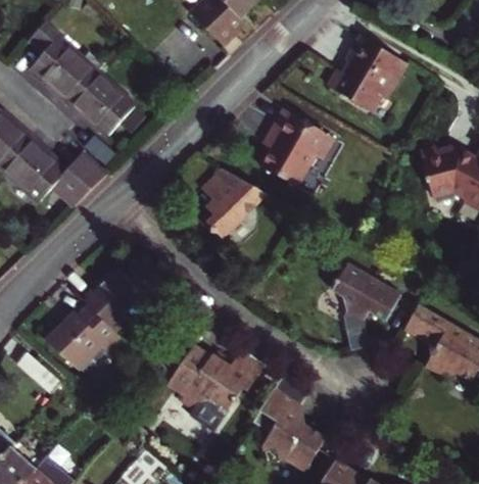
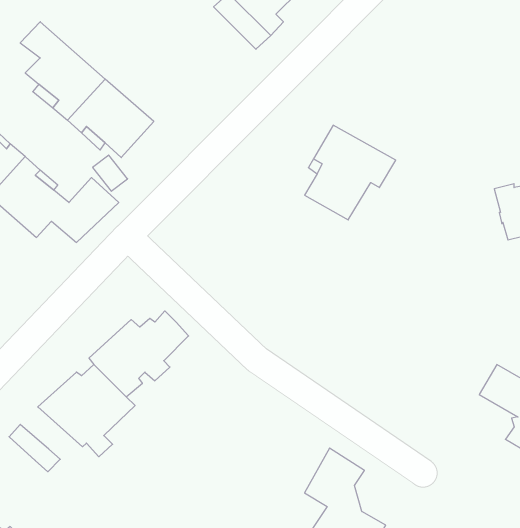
building: [328,37,406,111] -> none
building: [202,167,270,238] -> none
building: [332,262,401,349] -> none
building: [167,343,266,426] -> none

